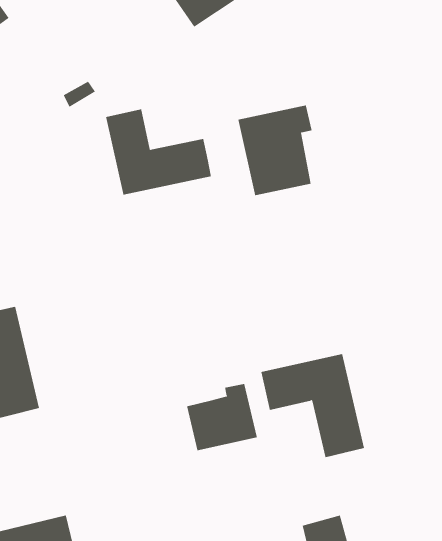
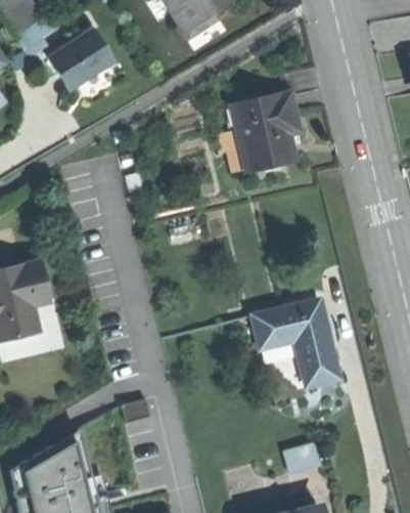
building: none -> [48,30,112,89]
building: [106,108,211,196] -> none
building: [187,383,257,451] -> none

